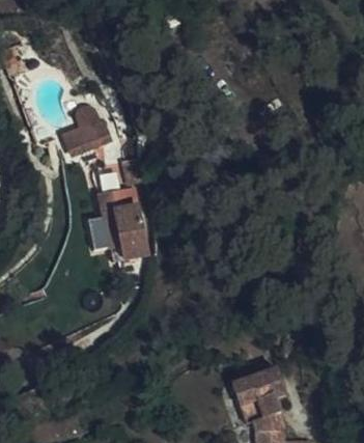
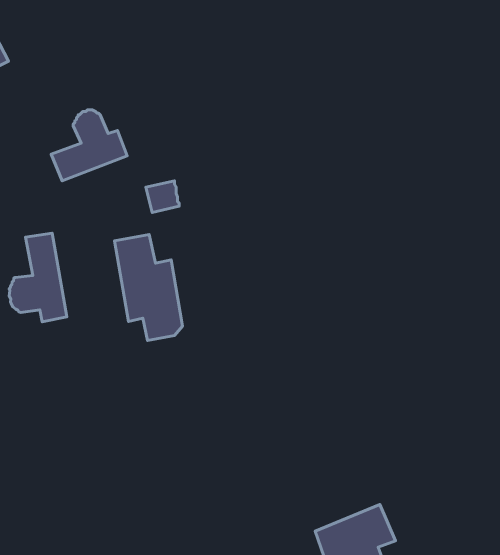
building: none -> [9,233,67,322]

